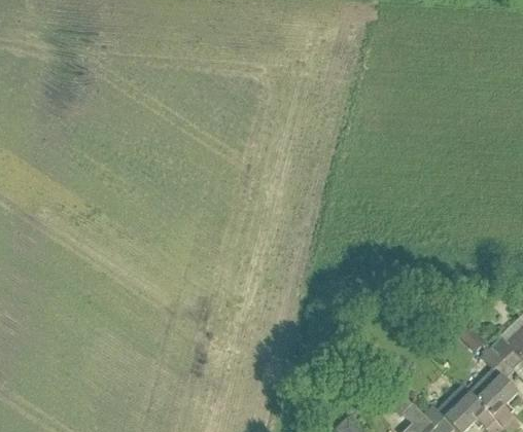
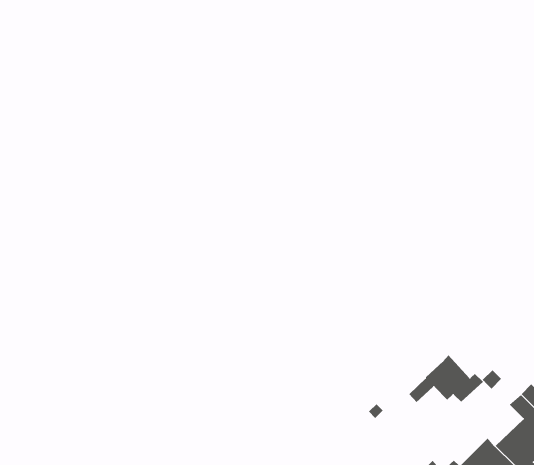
building: none -> [409,355,484,403]

